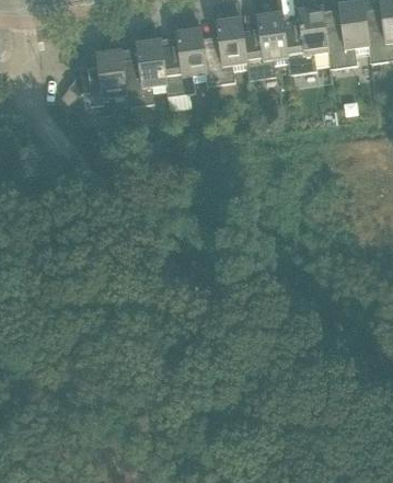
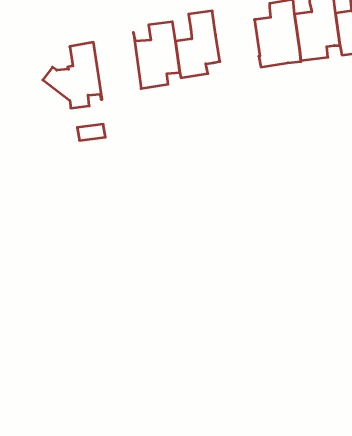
building: [243,9,288,77] -> none
building: [119,36,167,104] -> none

